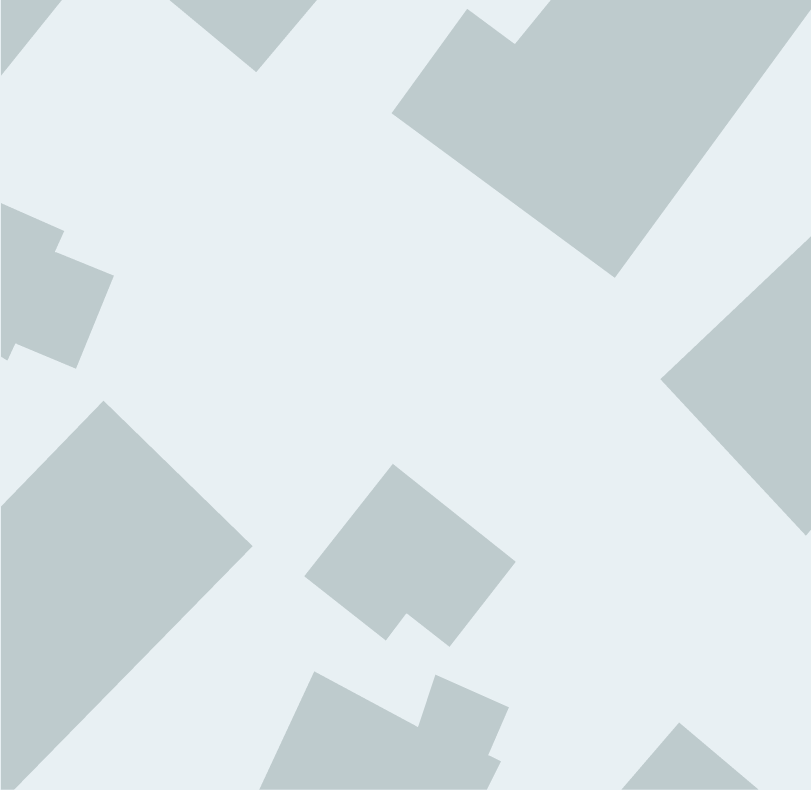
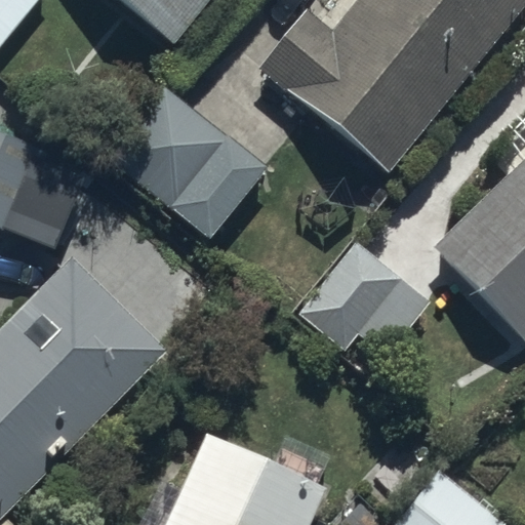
building: none -> [99,77,270,243]
building: [303,463,517,648] -> [291,236,429,355]

